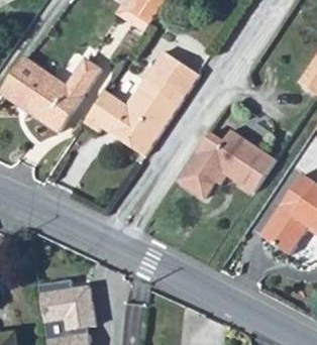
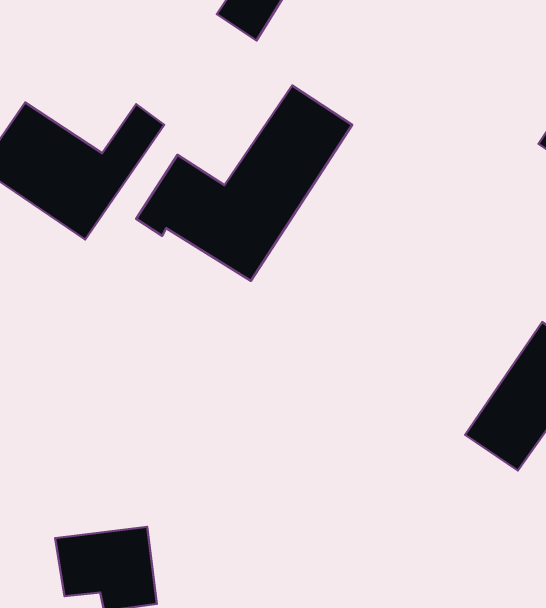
building: [181,127,278,196] -> none

